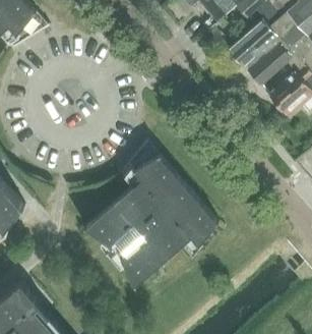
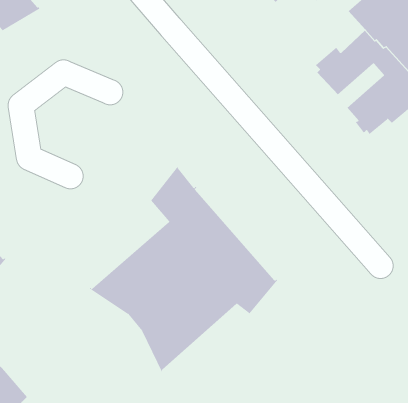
building: [227,25,280,70] -> none

